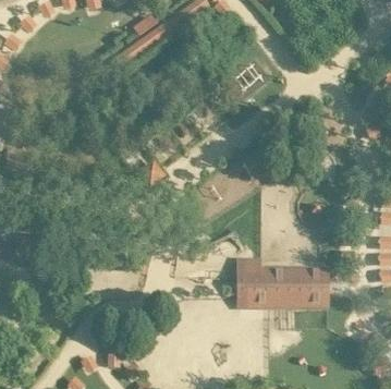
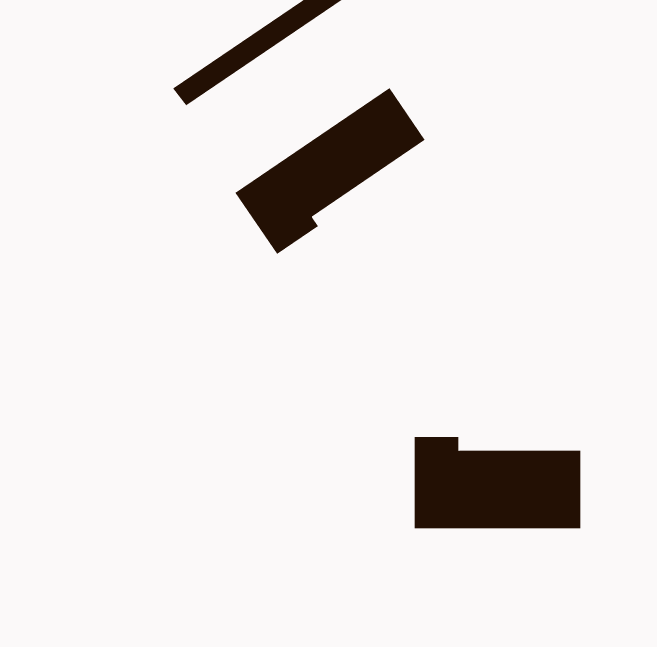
building: none -> [235,87,426,255]

